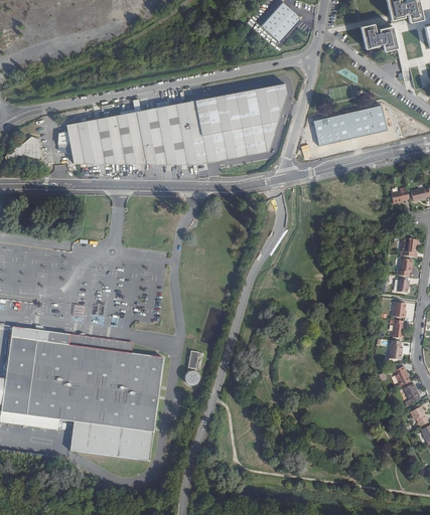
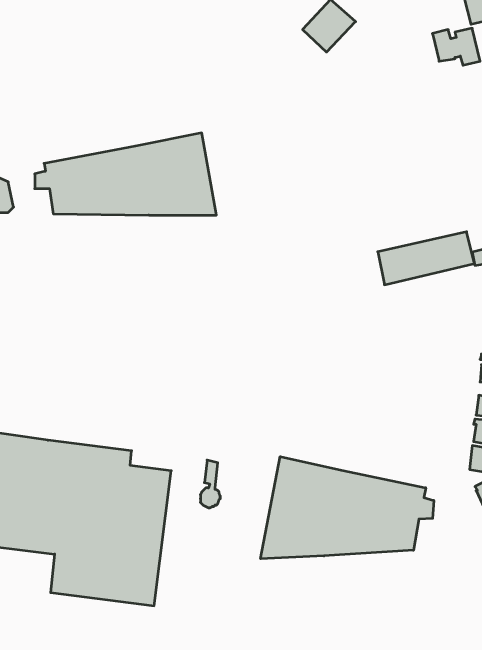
building: [185,82,286,164] -> none
building: [313,105,387,145] -> [378,232,474,285]
building: none -> [261,457,434,559]

